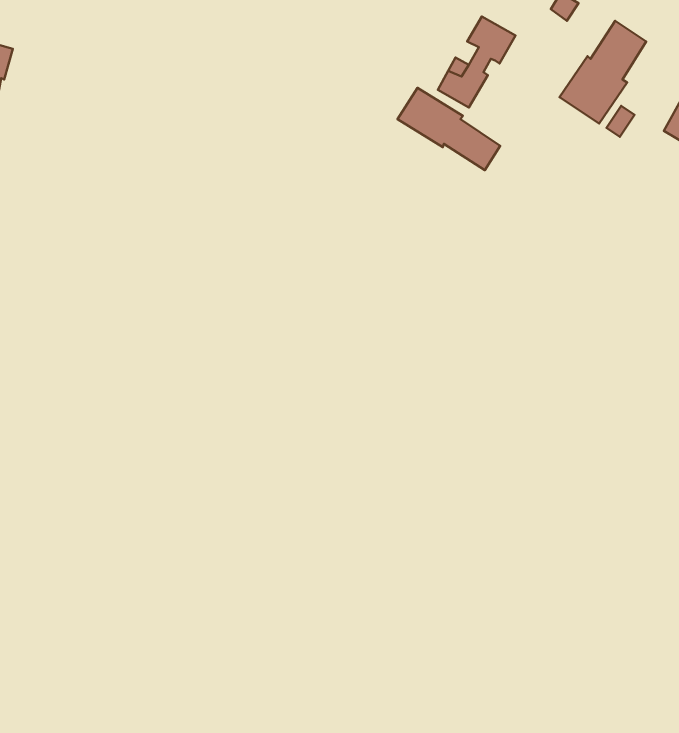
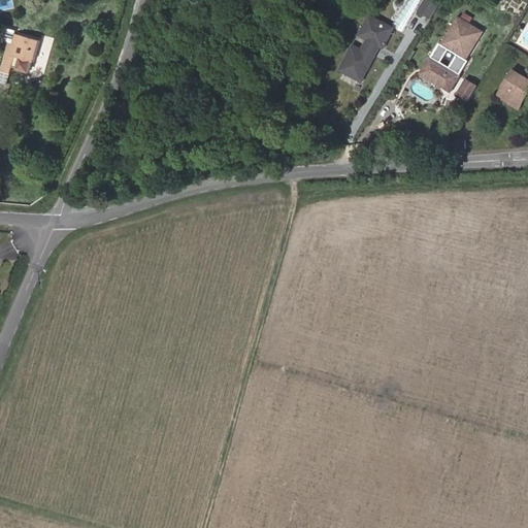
building: [398,88,500,170] -> none

